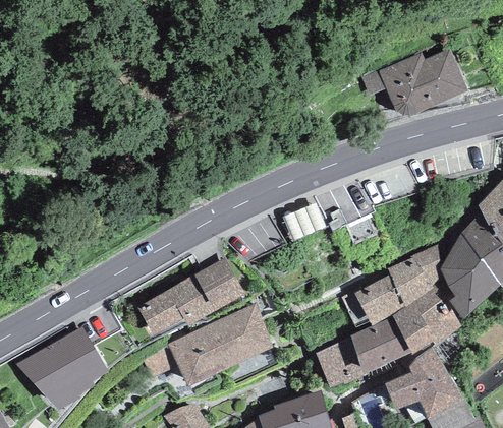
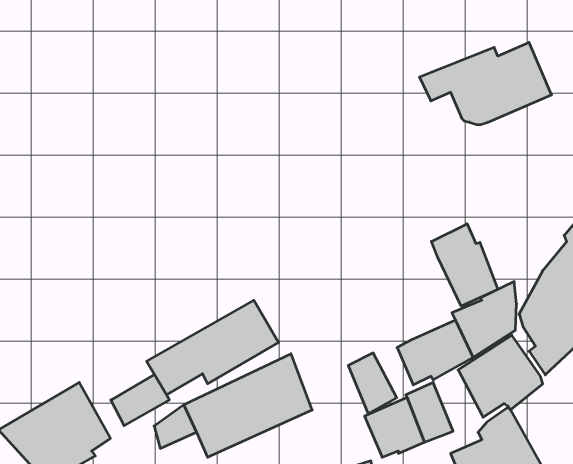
building: none -> [431,224,498,306]
building: [372,315,411,365] -> [348,353,397,414]
building: none -> [111,374,169,426]

